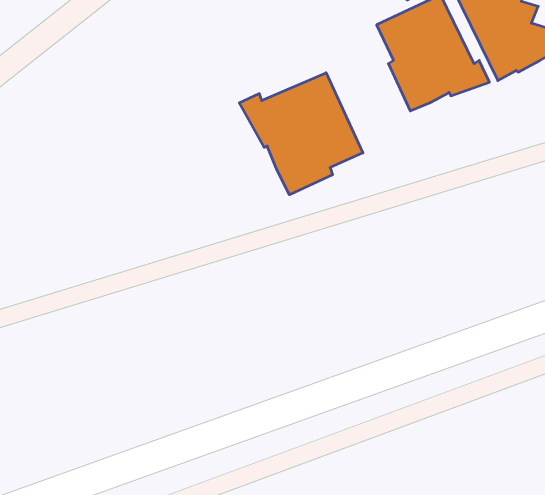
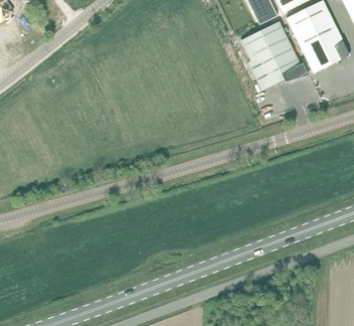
building: [239,73,363,195] -> none

